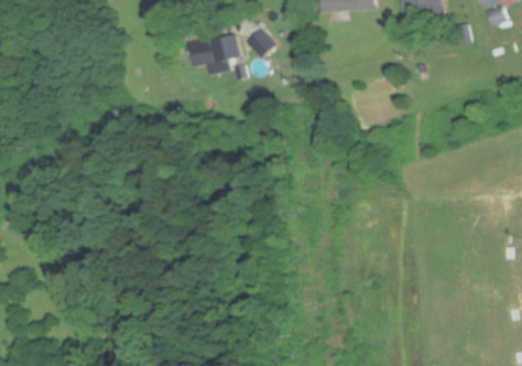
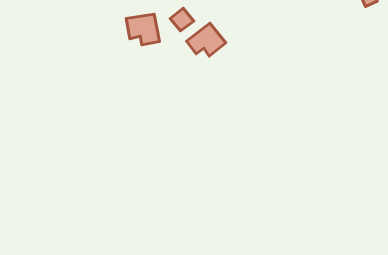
building: none -> [187,23,226,56]

